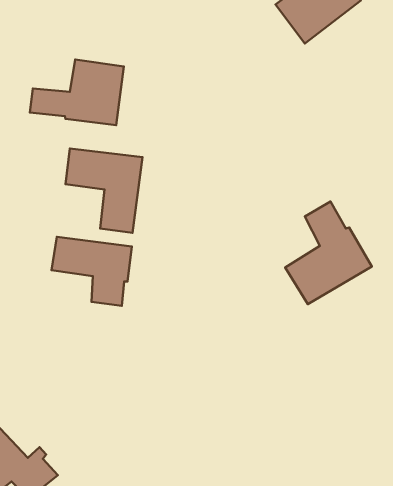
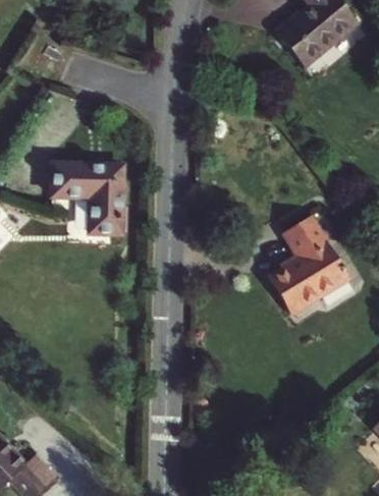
building: [30,60,124,125] -> none
building: [52,237,132,306] -> none

